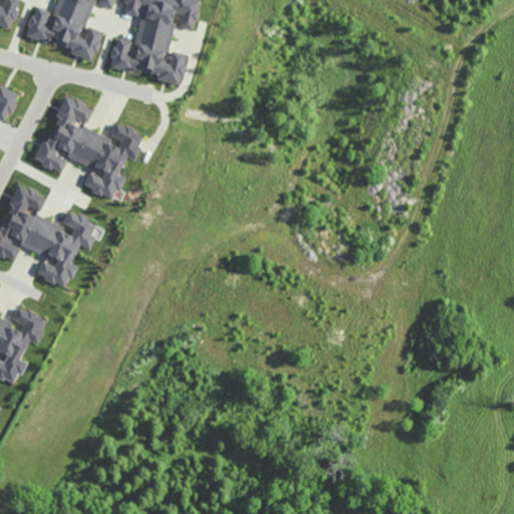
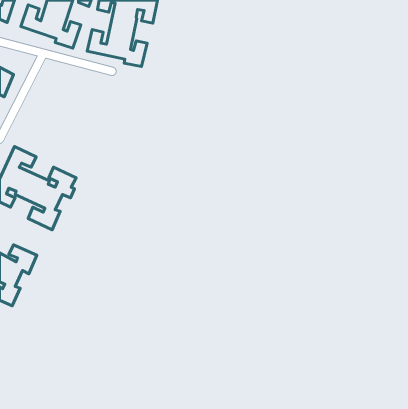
building: [35,96,144,199] -> none

